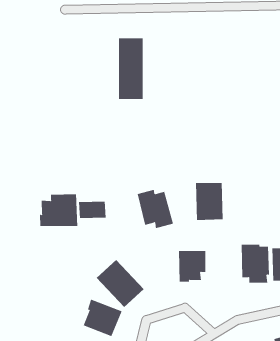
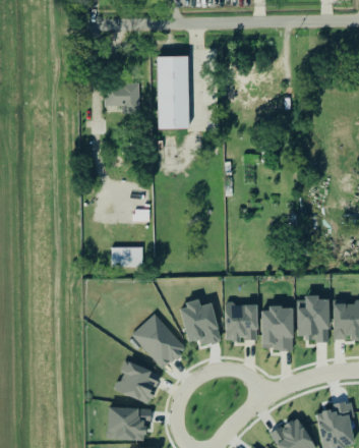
building: none -> [105,85,140,113]
building: [195,183,223,221] -> [262,306,295,350]
building: [137,189,174,229] -> [180,300,223,346]
building: [39,193,78,227] -> none

